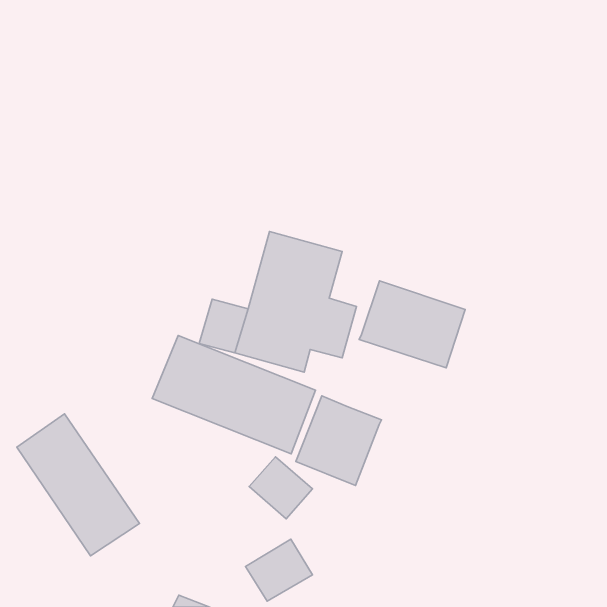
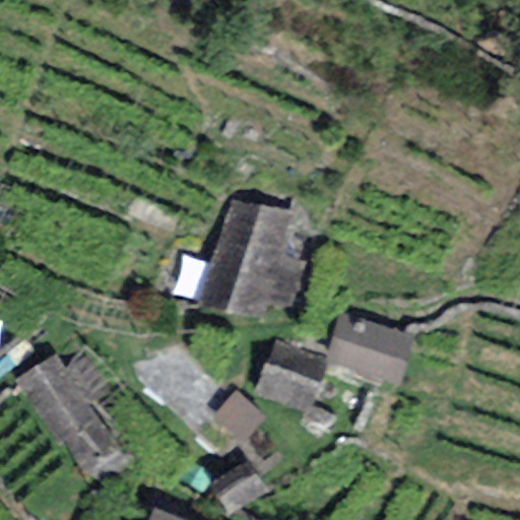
building: [359,281,465,368] -> [325,312,415,386]
building: [152,336,315,454] -> none

